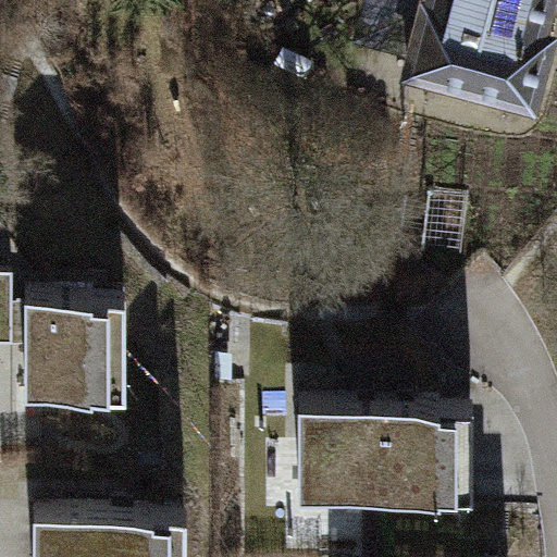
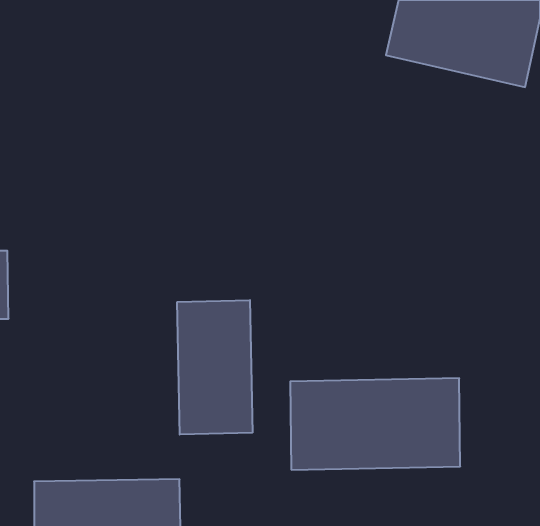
building: [24,295,124,395] -> none
building: none -> [177,300,252,435]

